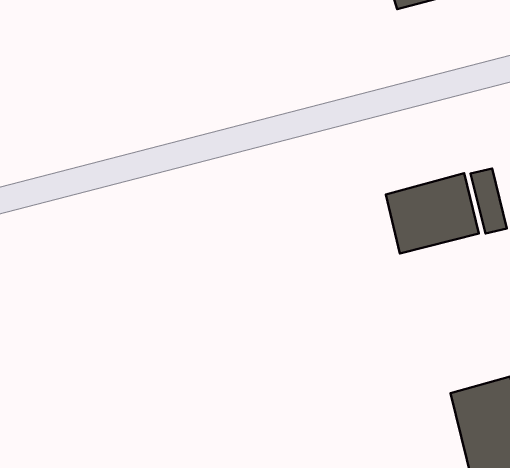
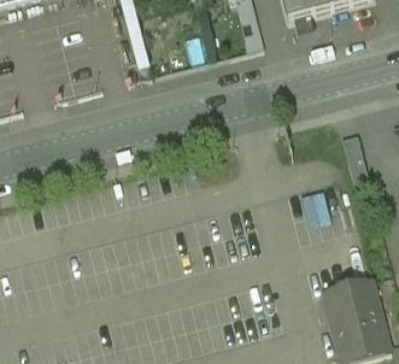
building: [386,173,479,253] -> none

